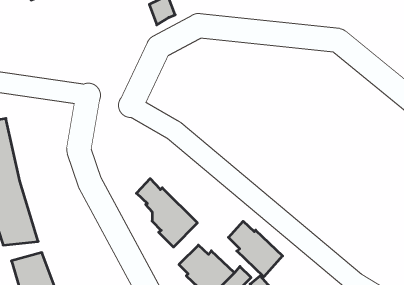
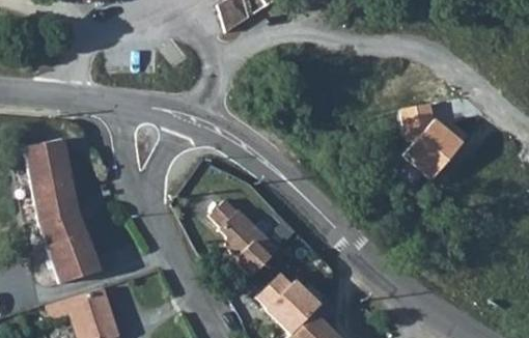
building: none -> [402,100,466,178]
building: [228,221,283,277] -> none

